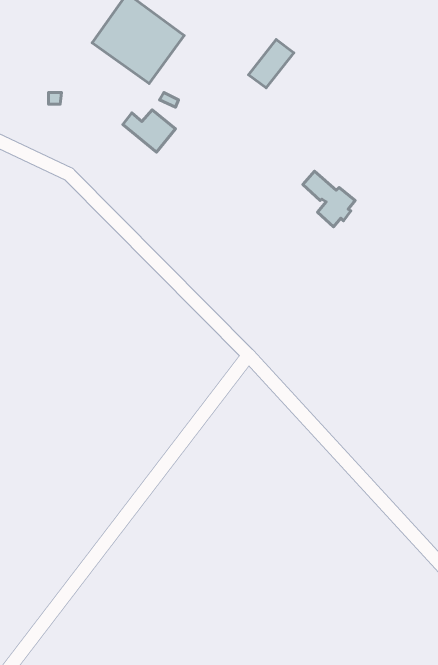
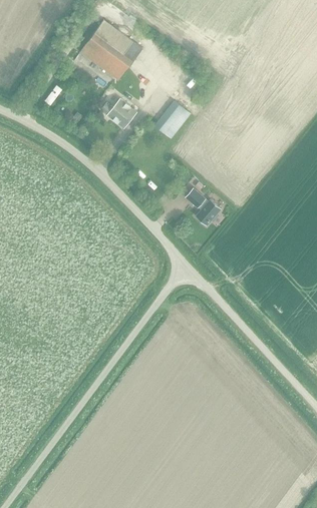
building: [248,40,294,88] -> [152,100,184,133]
building: [303,171,355,227] -> [185,188,221,226]

